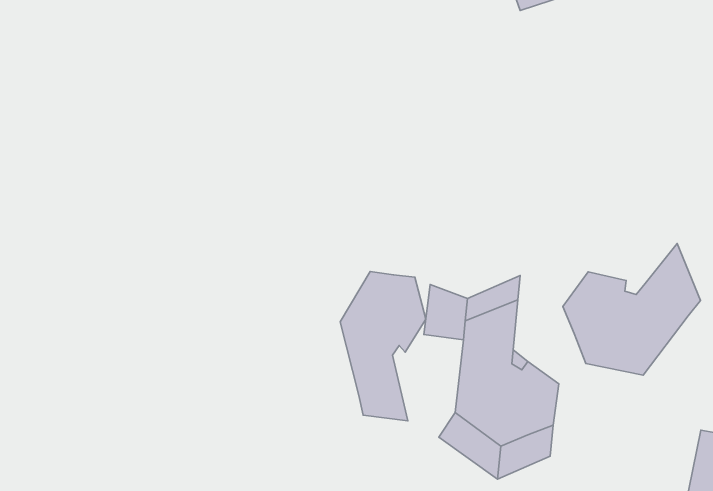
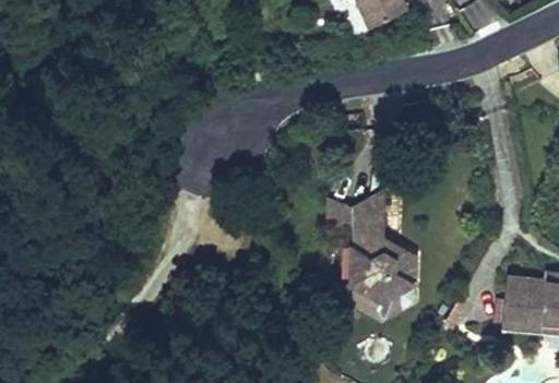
building: [563,243,700,375] -> none
building: [340,271,426,421] -> none

